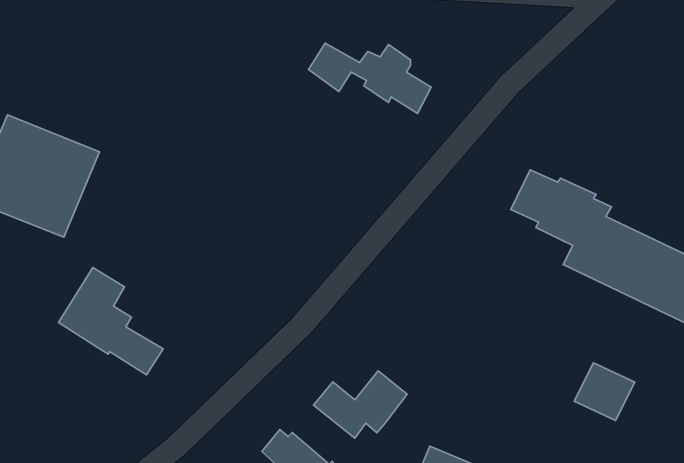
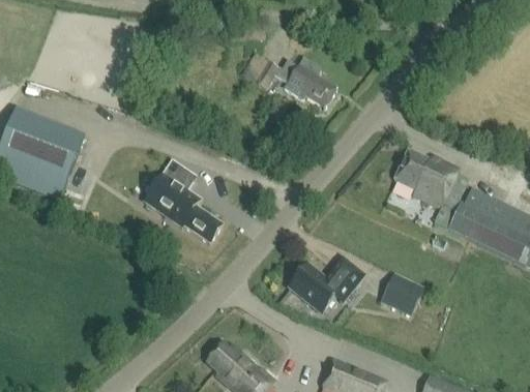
building: [59,268,163,375] -> [143,157,222,238]
building: [574,363,635,421] -> [380,273,425,316]
building: [313,371,407,438] -> [293,258,363,308]

